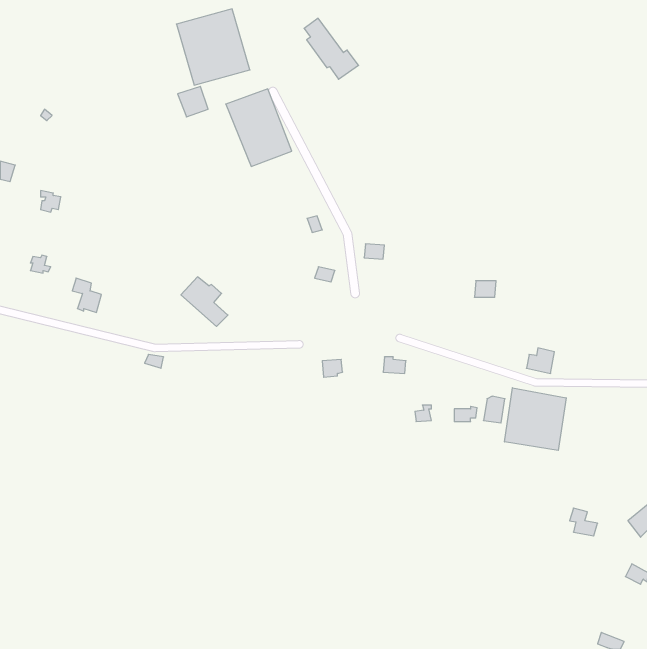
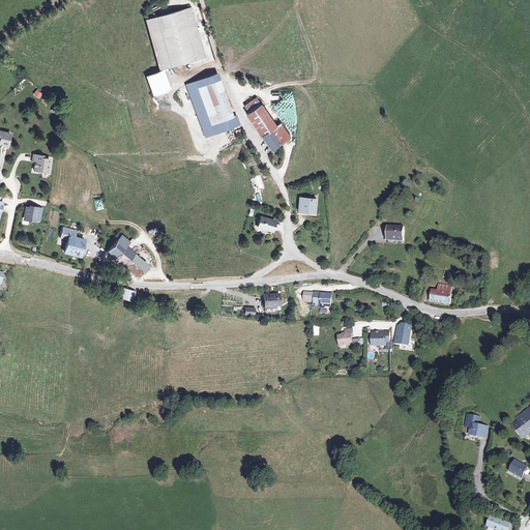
building: [304,18,359,79] -> [244,97,289,147]
building: [181,277,228,326] -> [110,238,148,278]
building: [505,388,566,450] -> none

